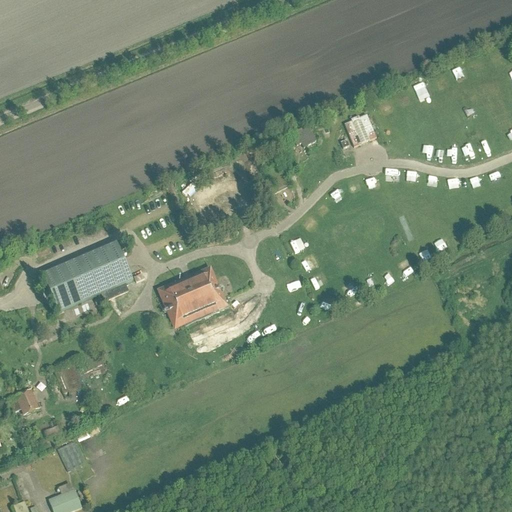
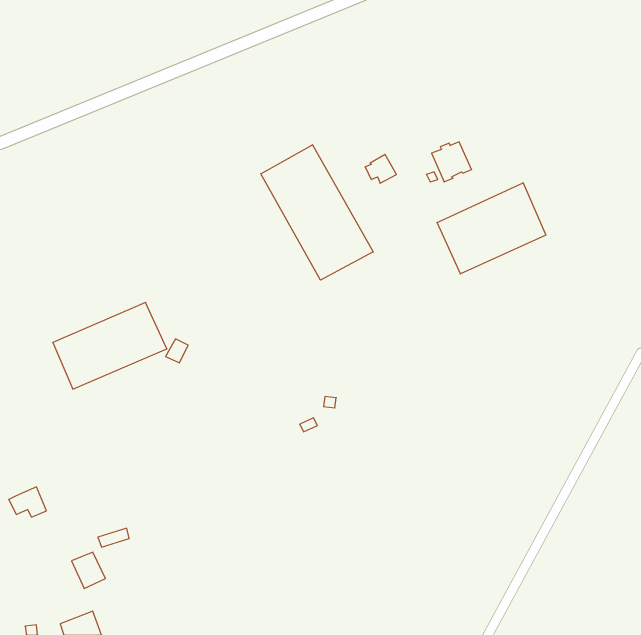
building: none -> [261,145,373,280]
building: none -> [437,183,546,274]
building: [159,268,225,325] -> none

